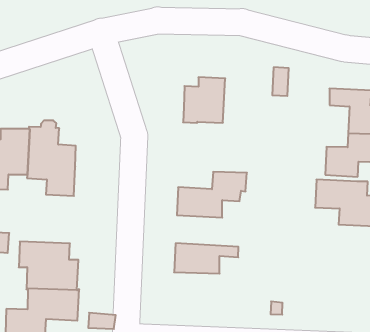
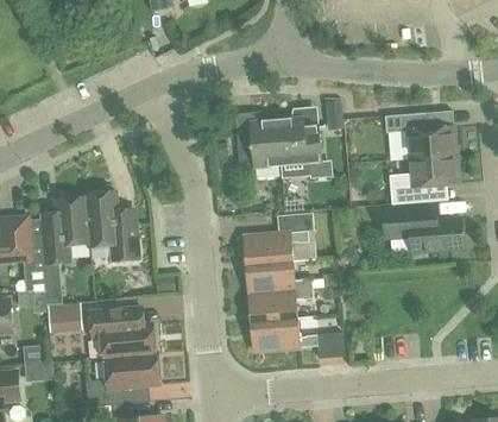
building: none -> [278,116,322,176]
building: none -> [247,260,314,292]
building: none -> [252,317,346,358]

